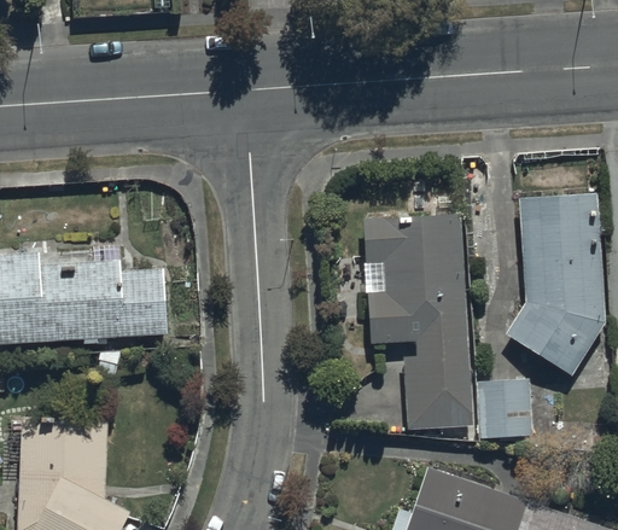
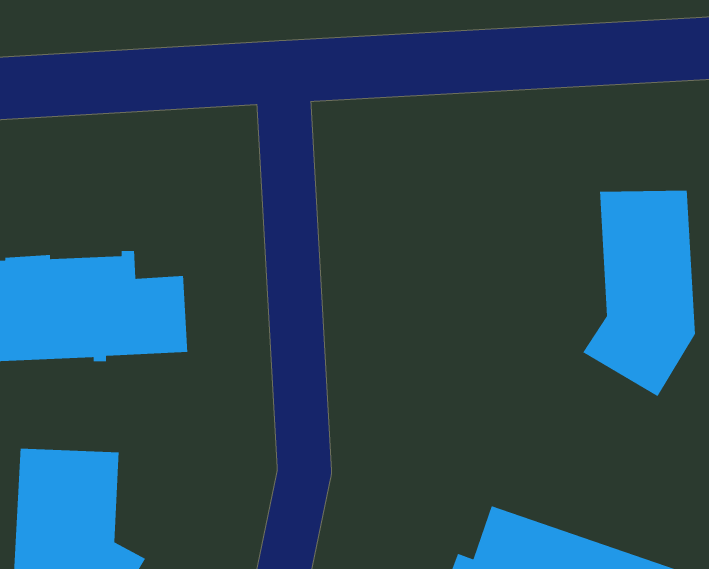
building: [363,214,471,429] -> none
building: [476,379,534,438] -> none

